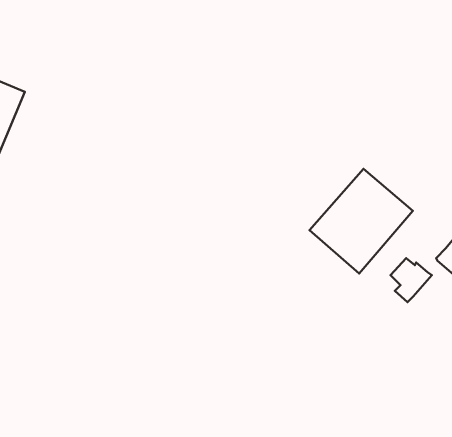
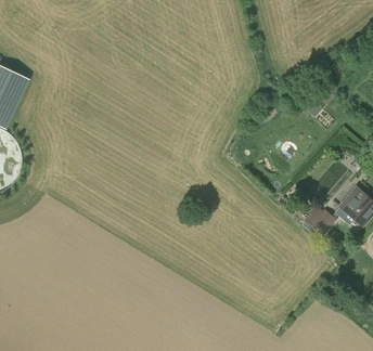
building: [309,169,413,273] -> none

